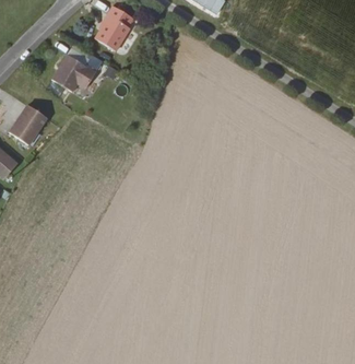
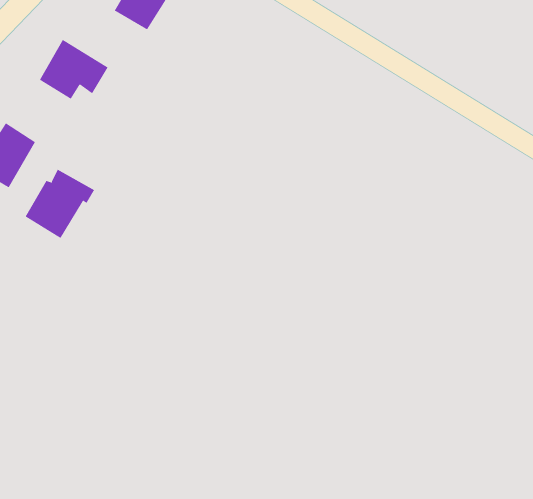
building: none -> [25,169,95,239]

